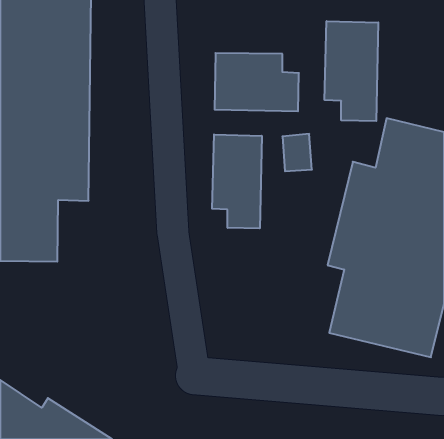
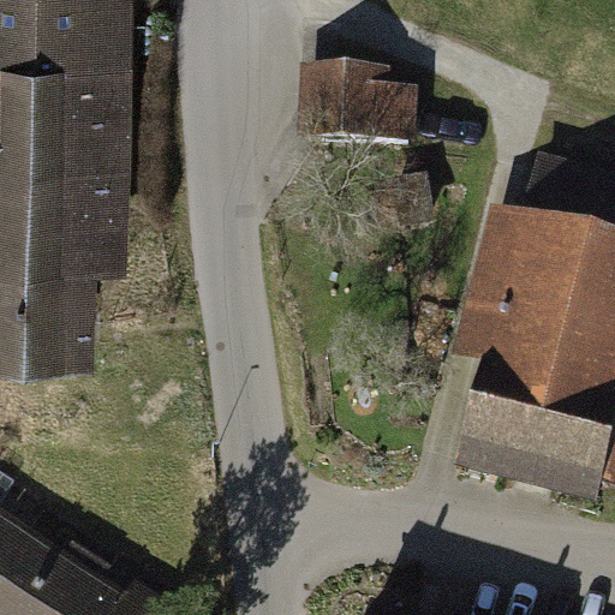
building: [325,21,378,121] -> none
building: [212,134,262,228] -> none

